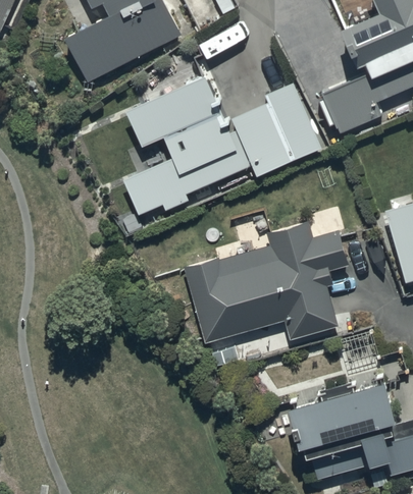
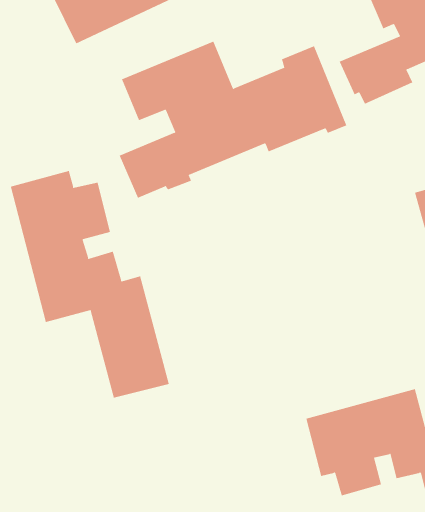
building: none -> [10,170,170,398]
building: [184,221,348,344] -> none

